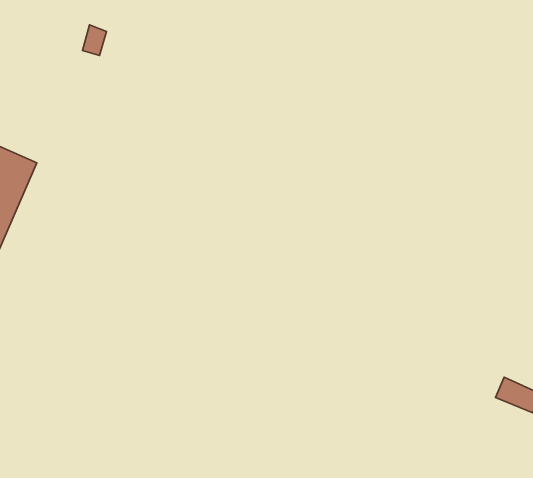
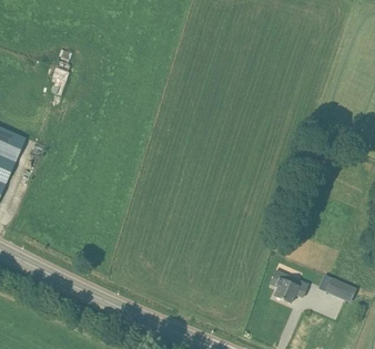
building: none -> [270,269,307,301]

